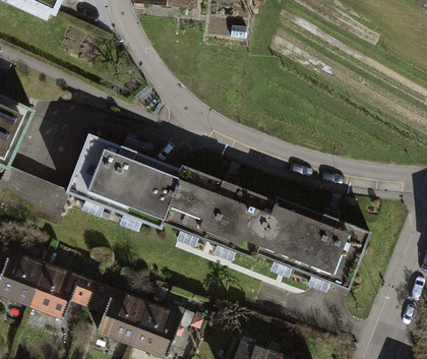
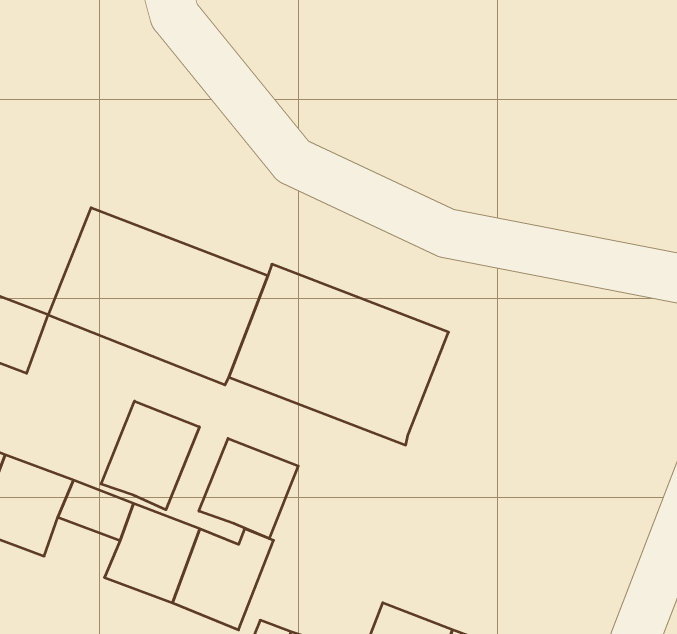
building: [255,196,368,289] -> none
building: none -> [101,401,199,510]
building: none -> [199,438,298,539]

